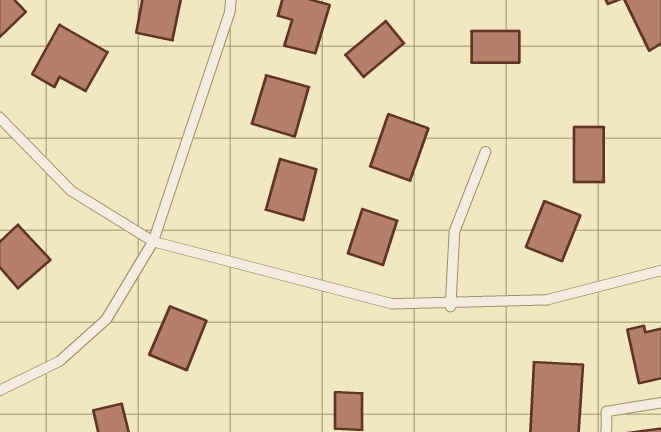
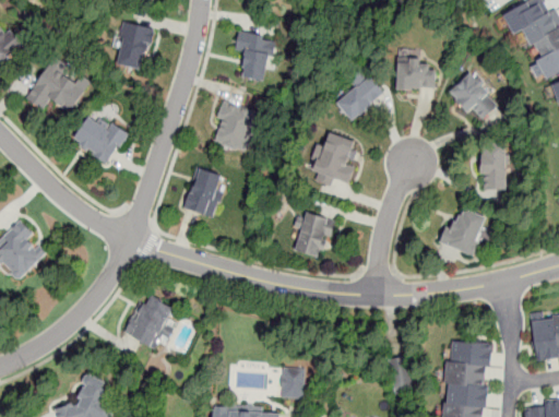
building: [345,21,404,77] -> [334,74,383,121]
building: none -> [449,69,496,122]
building: none -> [71,111,127,163]
building: [266,159,316,220] -> [183,165,226,216]

